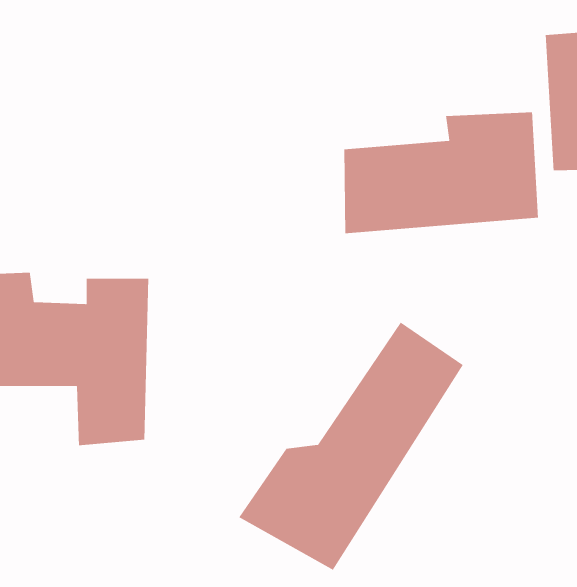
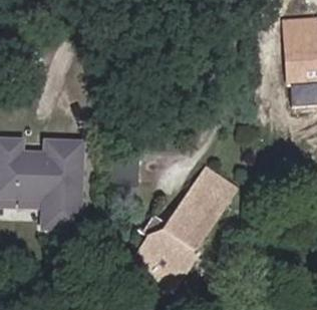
building: [344,112,539,234] -> none

